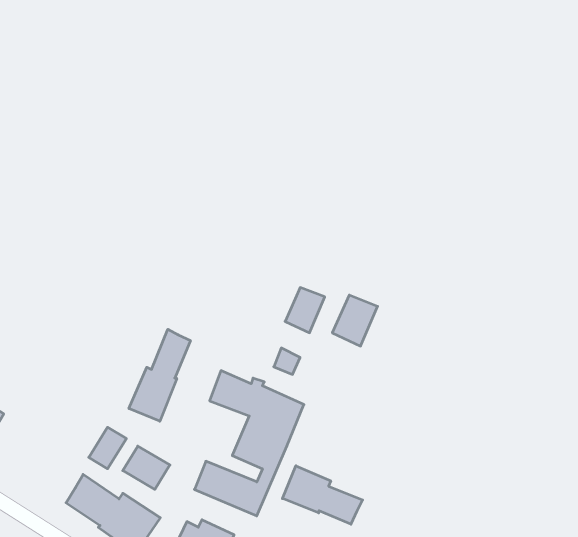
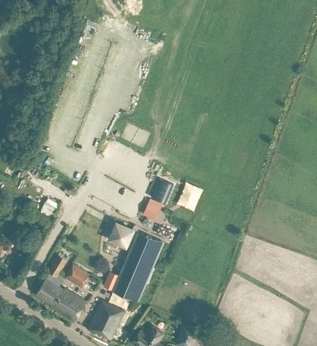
building: [129,329,190,421] -> none
building: [282,466,363,524] -> none

